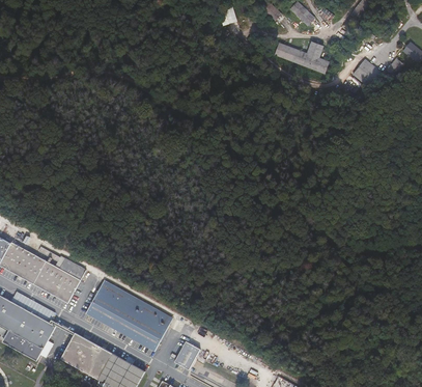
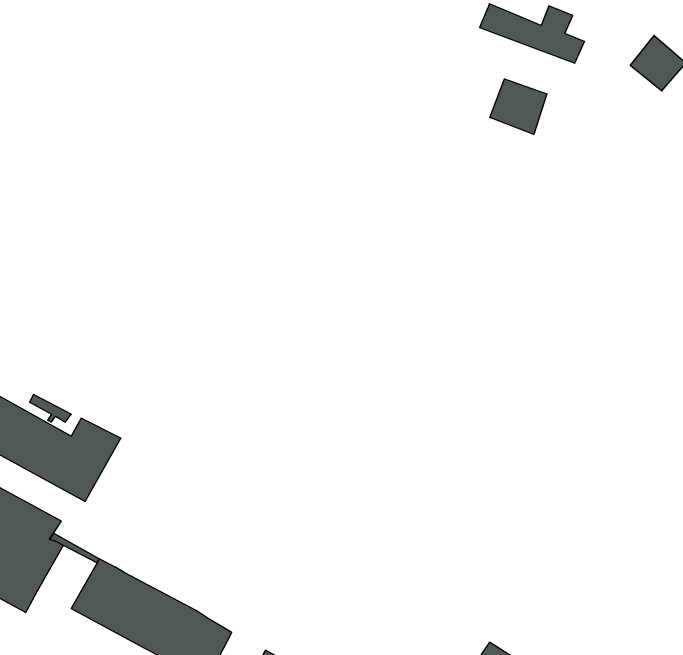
building: none -> [490,79,547,134]
building: [85,279,173,351] -> none
building: [174,340,200,369] -> none

